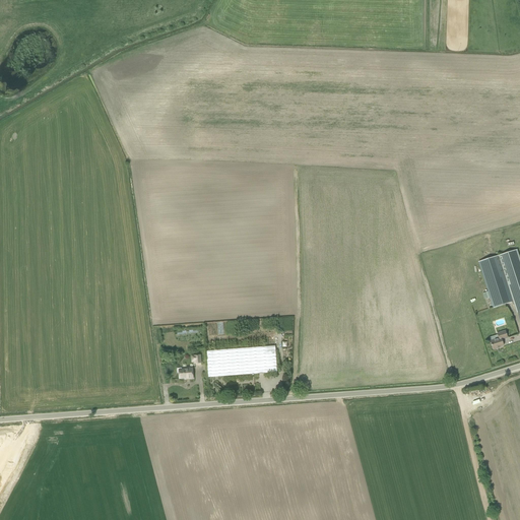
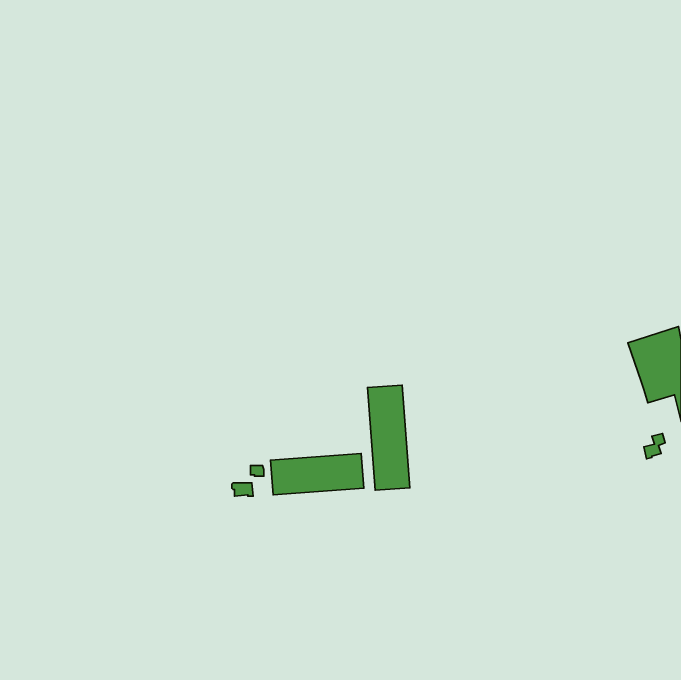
building: none -> [367,385,410,490]

